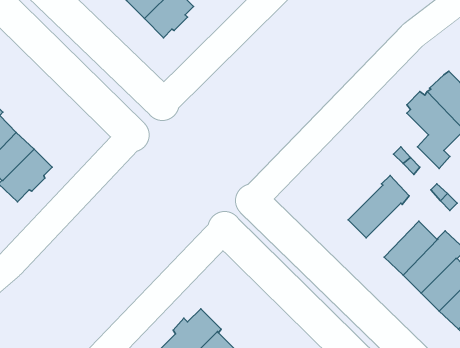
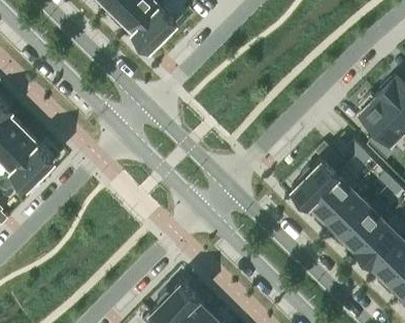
building: none -> [292,159,338,206]
building: none -> [324,191,369,238]

